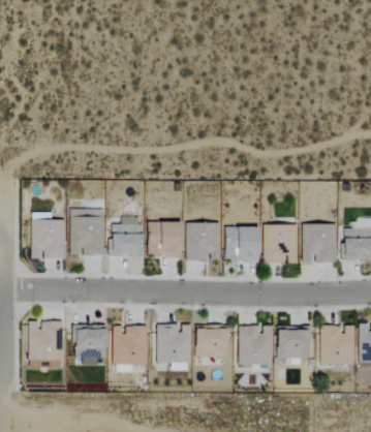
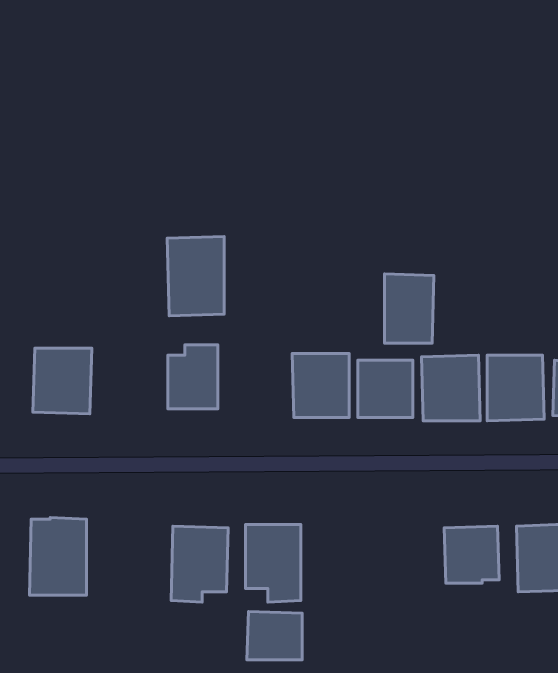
building: none -> [384,274,434,343]
building: [70,208,104,255] -> [167,236,224,316]
building: [148,220,182,256] -> none
building: [74,325,106,358] -> none
building: [239,325,274,365] -> none
building: [195,328,228,357] -> [247,612,302,660]

